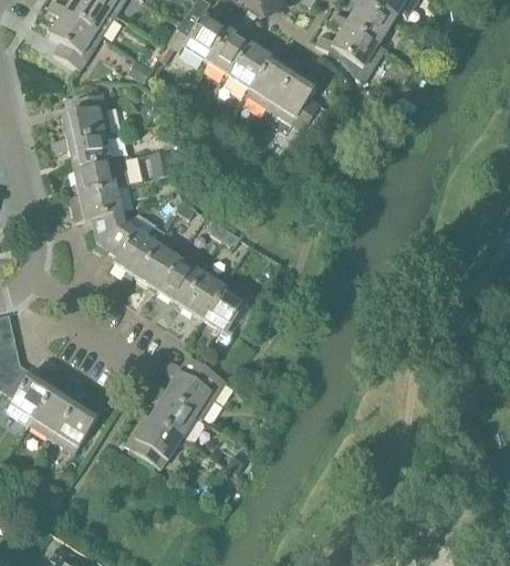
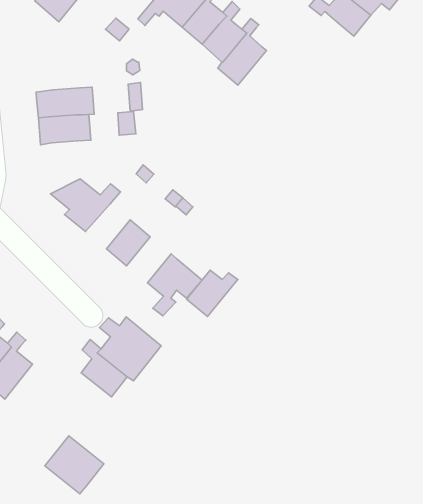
building: [313,24,376,67] -> none
building: [267,55,330,132] -> none
building: [60,92,110,143] -> none
building: [69,186,122,242] -> none
building: [134,231,177,290] -> none
building: [179,272,228,318] -> [186,270,238,316]
building: [123,413,181,470] -> [45,436,104,494]

